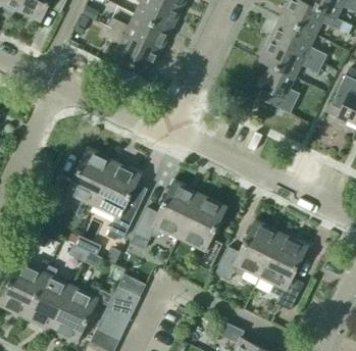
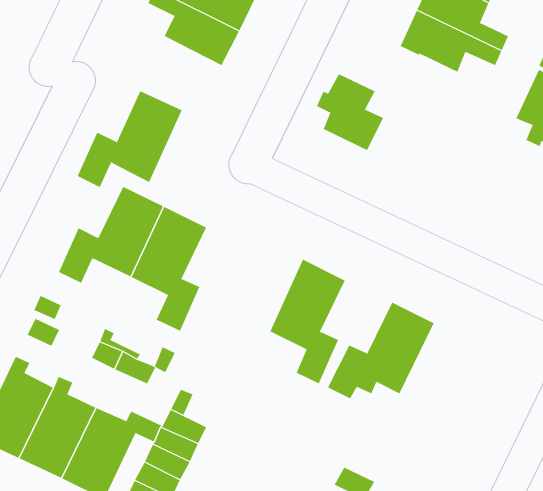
building: [259,66,301,114] -> [316,73,384,151]
building: [135,181,200,241] -> [77,90,183,188]
building: [260,233,308,309] -> none

